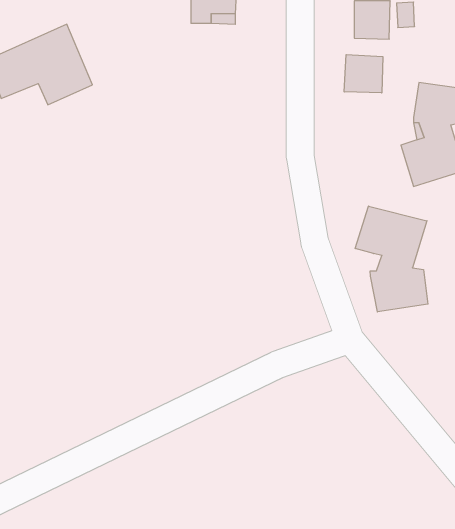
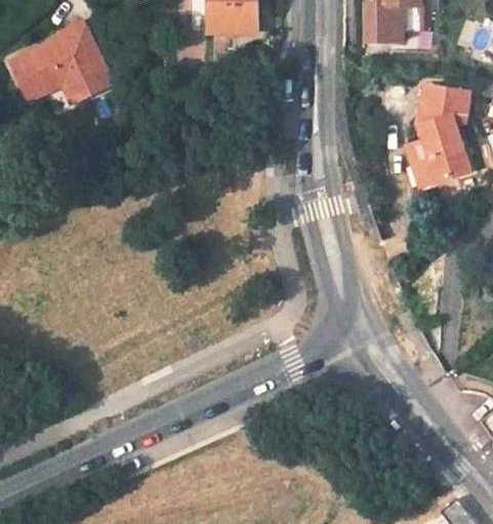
building: [344,55,383,93] -> none
building: [355,206,428,312] -> none

